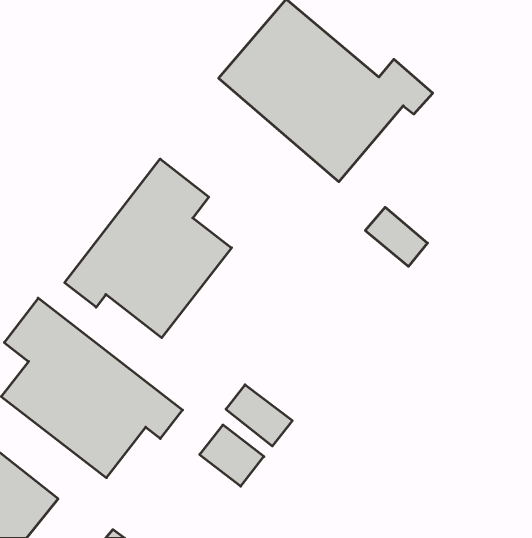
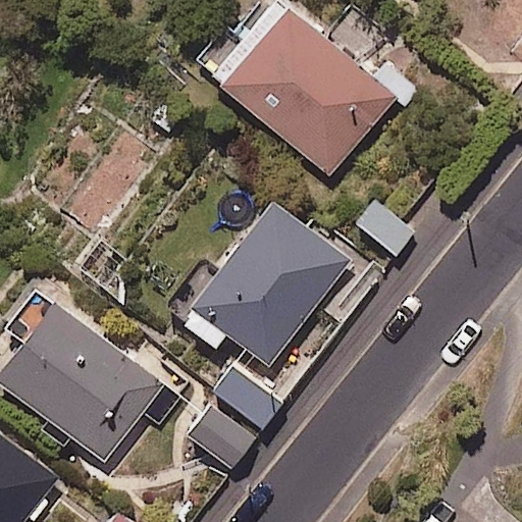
building: [65,159,232,338] -> none
building: none -> [181,203,350,368]

